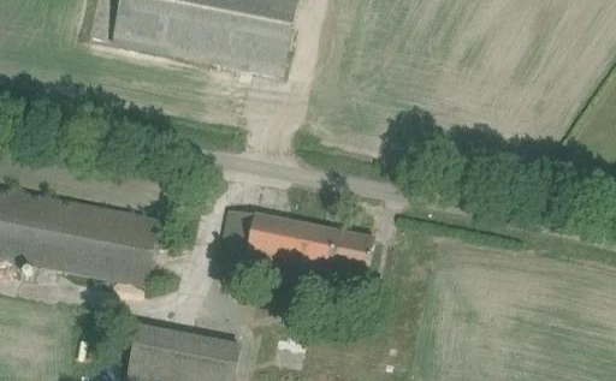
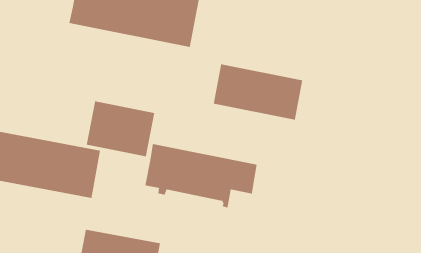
building: none -> [213,63,303,120]
building: none -> [86,101,155,157]

